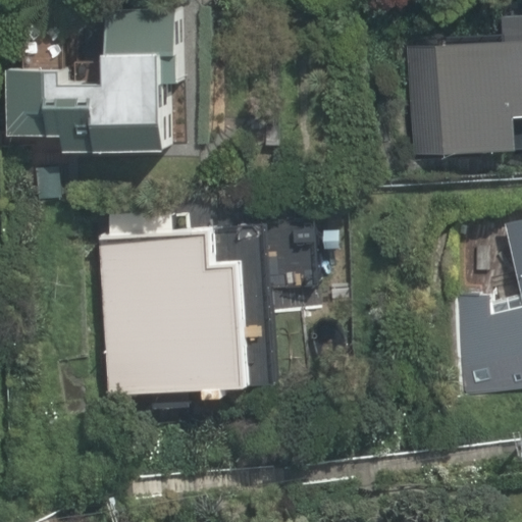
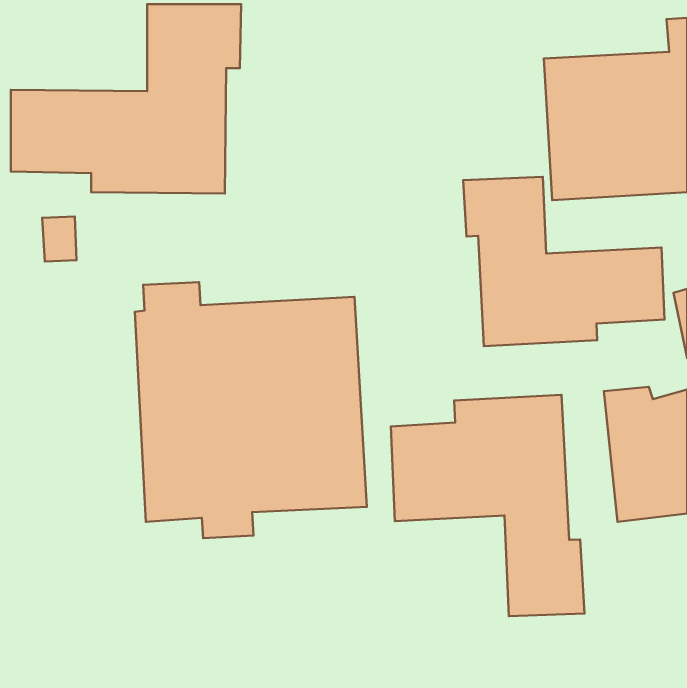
building: none -> [463,177,665,346]
building: none -> [391,395,585,616]

